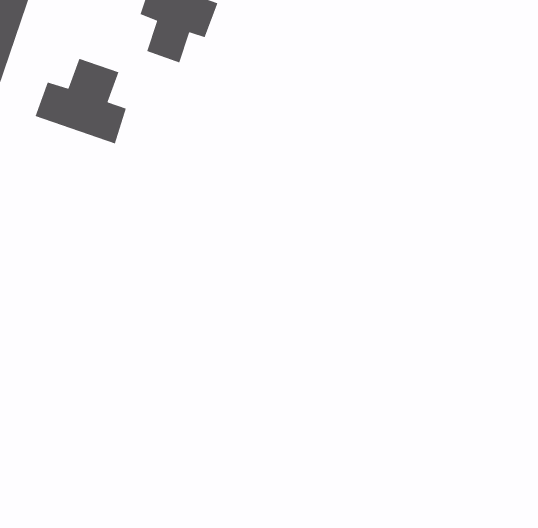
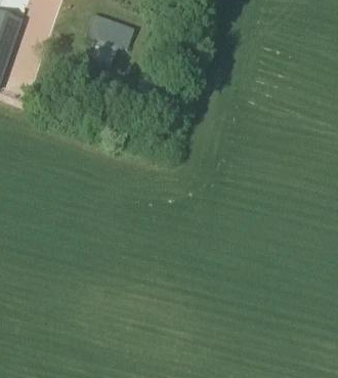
building: [34,58,127,144] -> none

